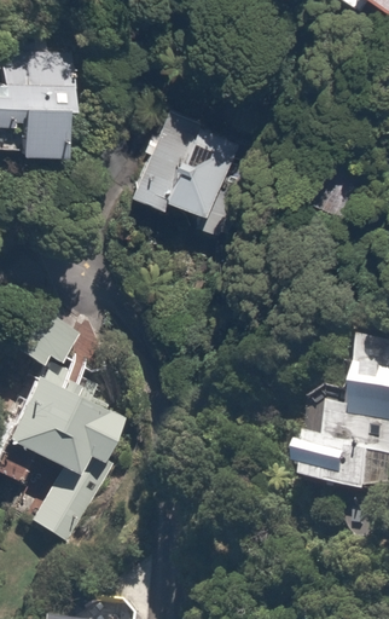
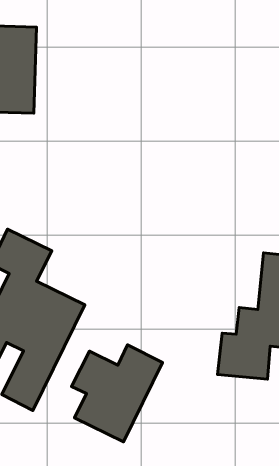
building: [132,106,246,209] -> none
building: none -> [72,345,162,442]

